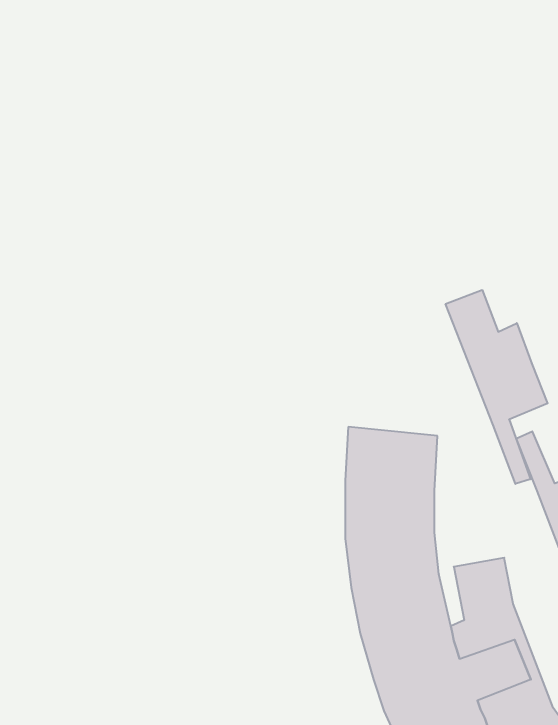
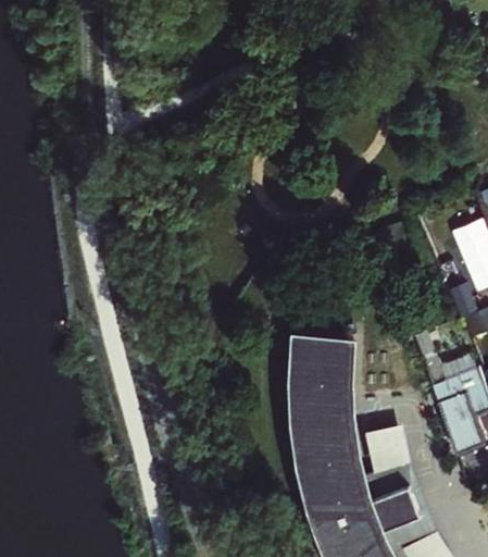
building: [446,290,548,484] -> none

